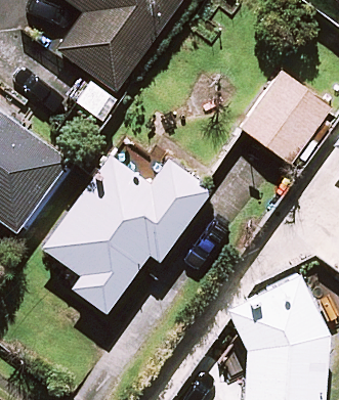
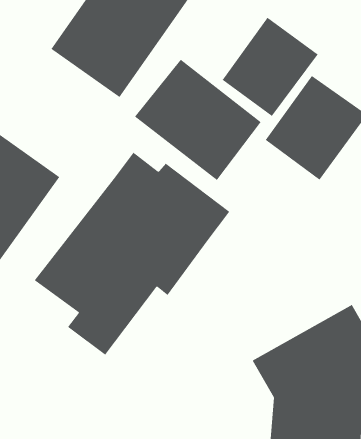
building: none -> [222,17,319,117]
building: none -> [134,59,262,181]

